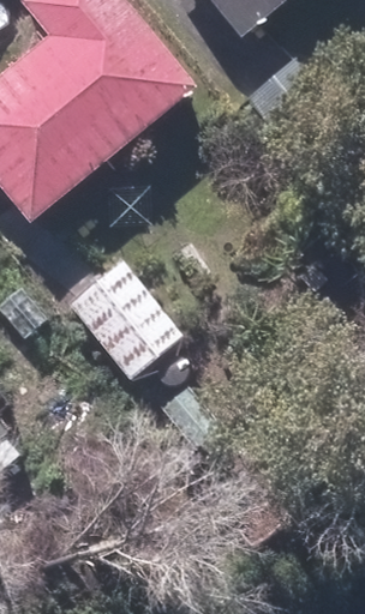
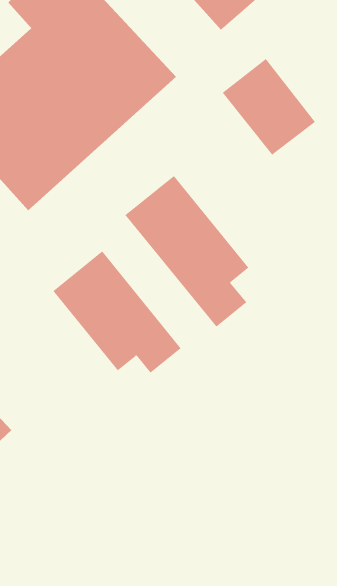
building: none -> [125,175,249,328]

